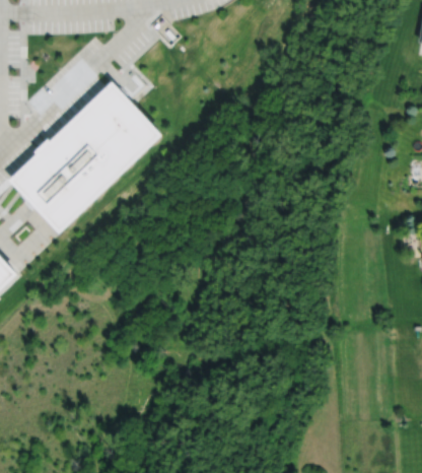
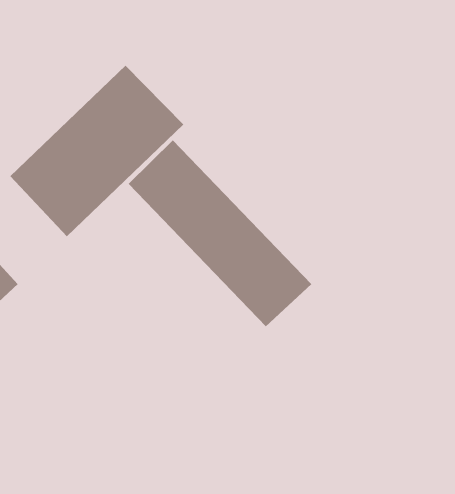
building: none -> [128,139,312,327]

